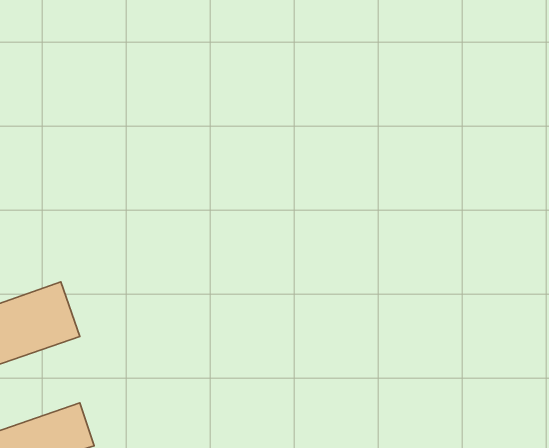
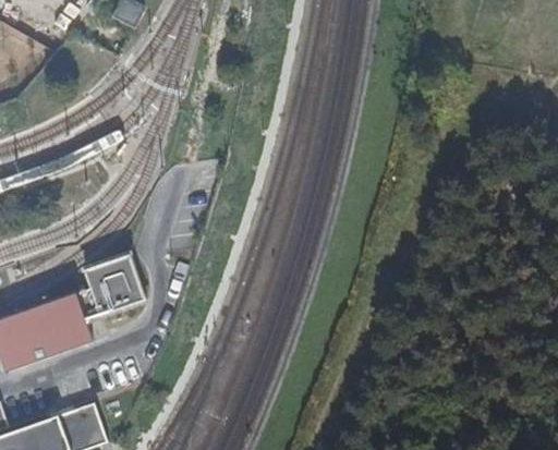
building: none -> [81,253,147,318]

